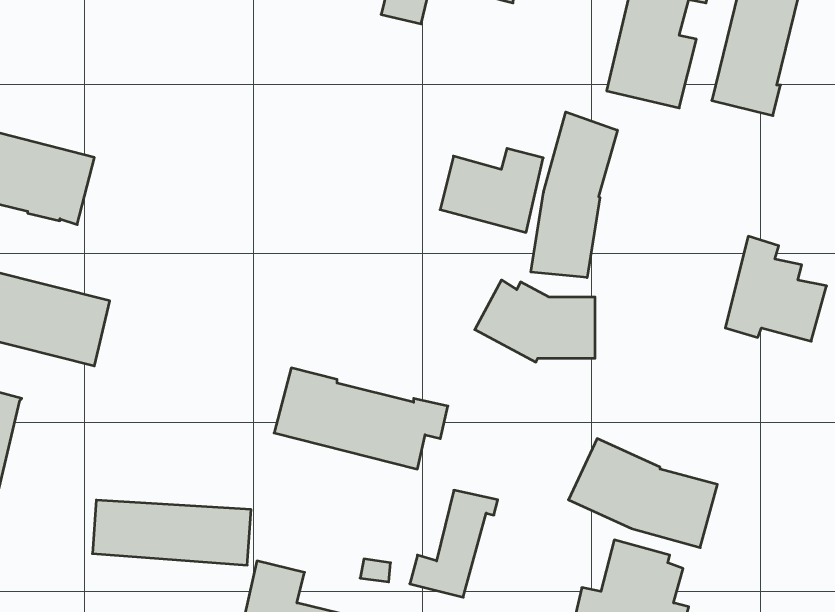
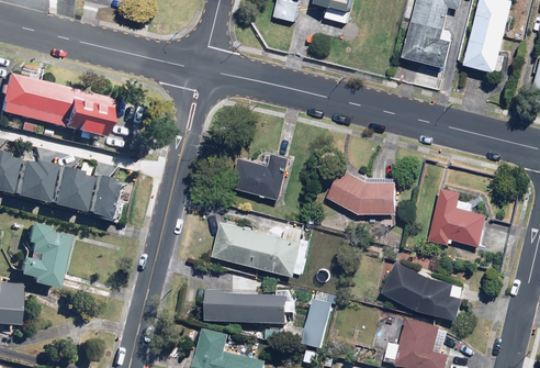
building: [531,112,617,278] -> none
building: [440,148,543,232] -> [228,152,288,200]
building: [725,236,827,341] -> [428,187,486,247]
building: [92,500,251,565] -> [203,290,294,327]

